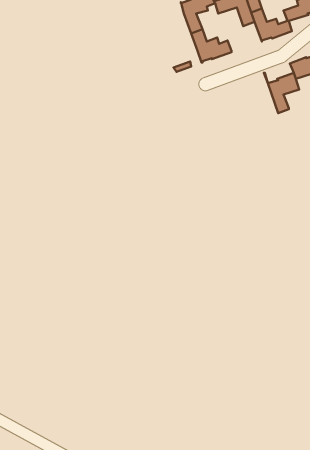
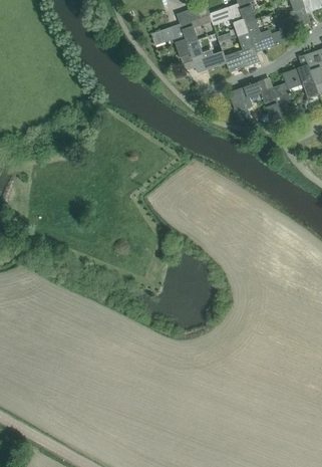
building: none -> [151,25,194,64]
building: none -> [227,33,260,72]
building: none -> [229,82,262,122]

